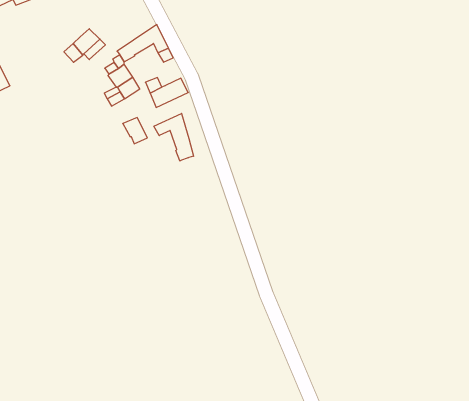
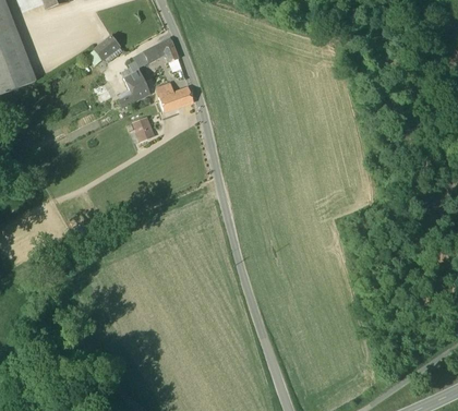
building: [154,113,194,161] -> none

